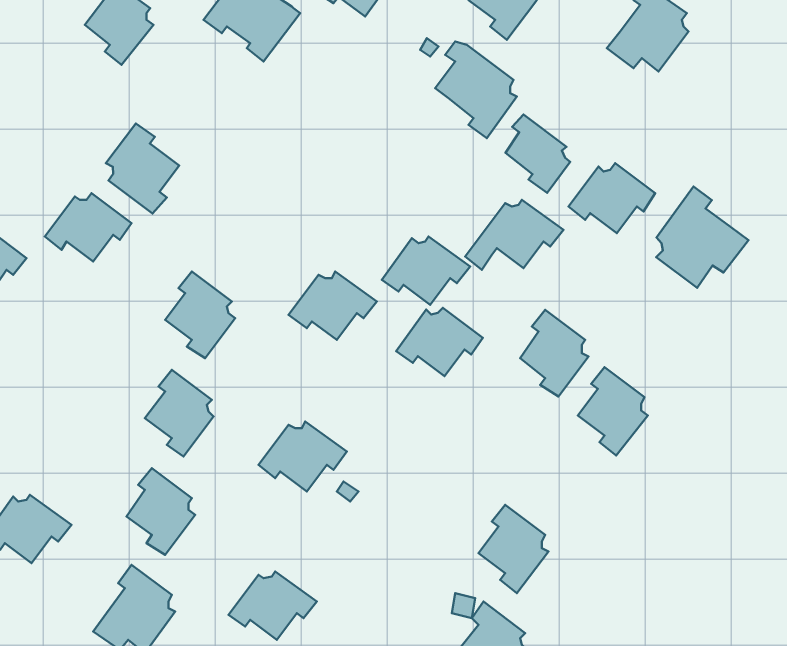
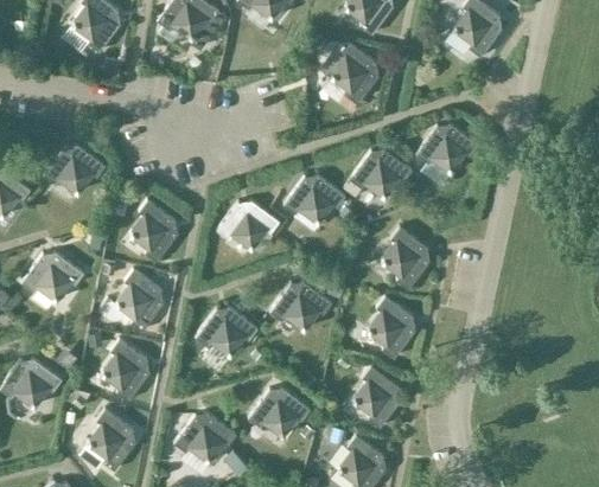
building: [505,115,570,193] -> none
building: [106,123,179,214] -> none
building: [656,187,749,288] -> none
building: [396,308,483,376] -> [270,282,332,331]
building: none -> [21,252,84,301]
building: [578,367,648,455] -> [367,296,416,359]
building: none -> [249,387,311,437]

